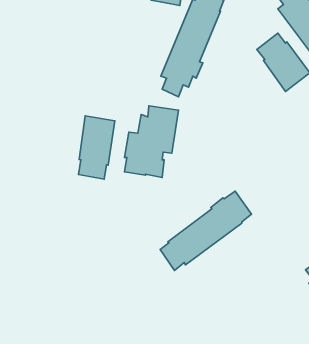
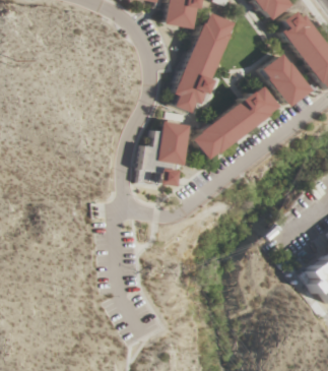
building: [78,116,115,179] -> none
building: [160,191,252,270] -> [195,85,279,159]

